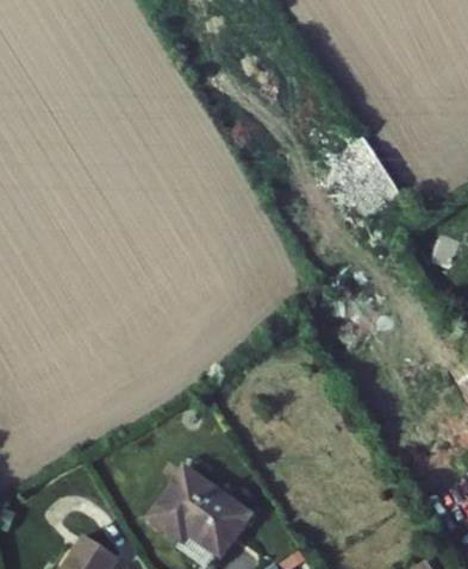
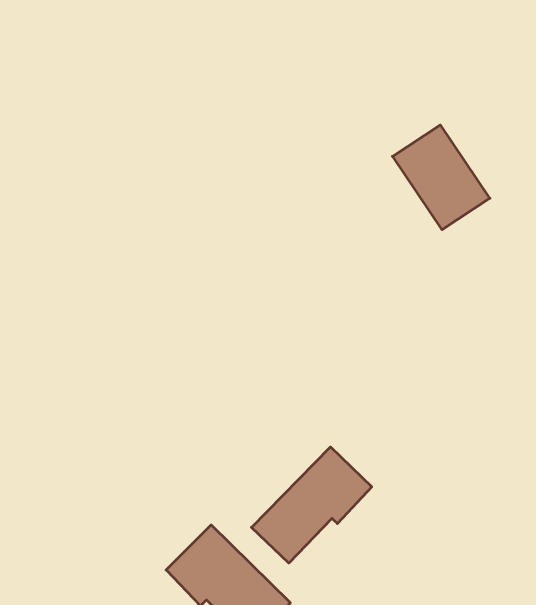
building: none -> [251,447,372,563]

